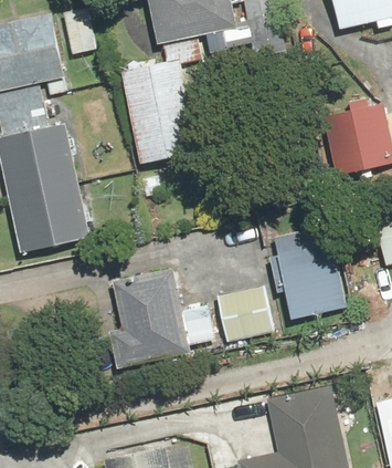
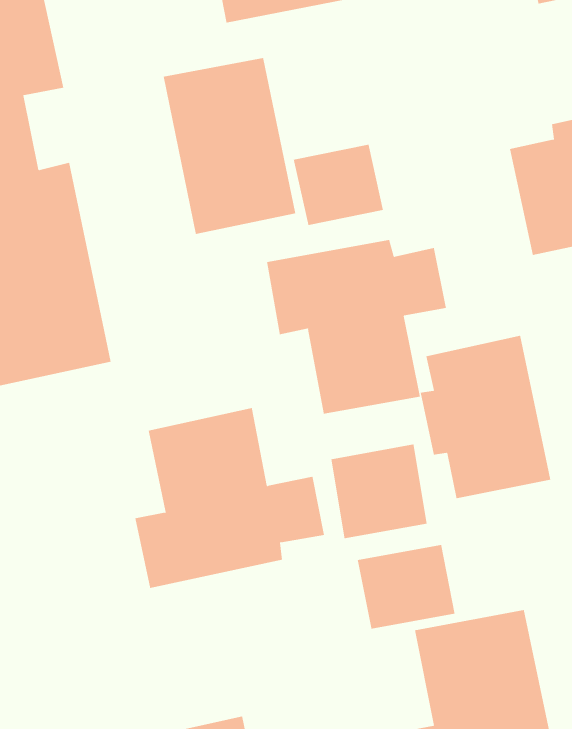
building: none -> [293,144,383,226]
building: none -> [266,239,446,415]
building: none -> [357,544,455,629]

